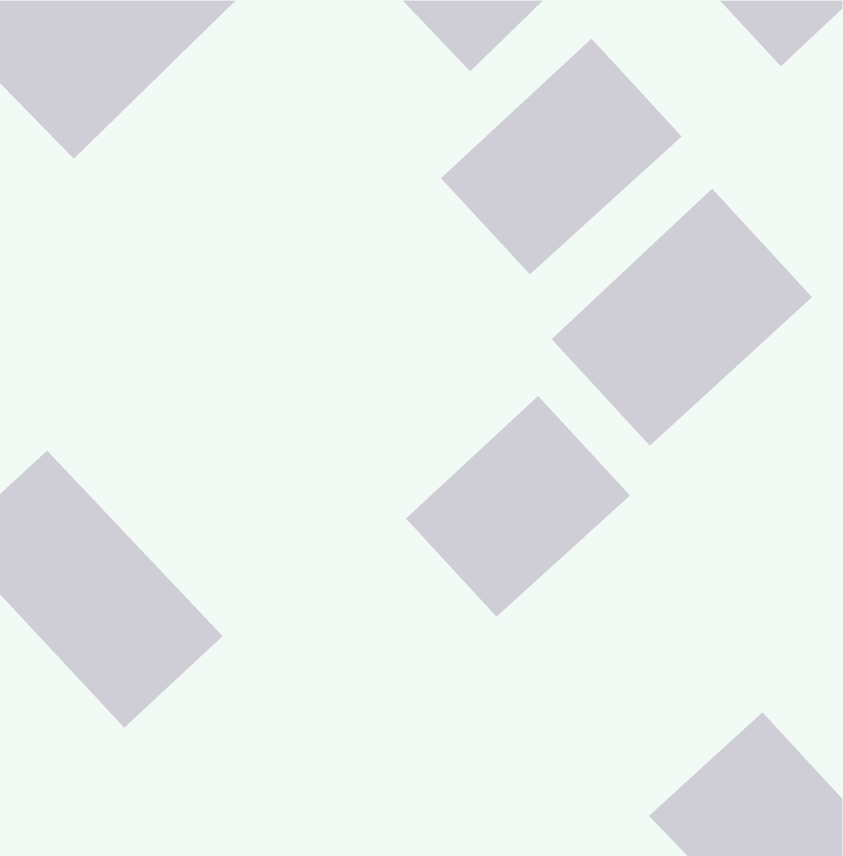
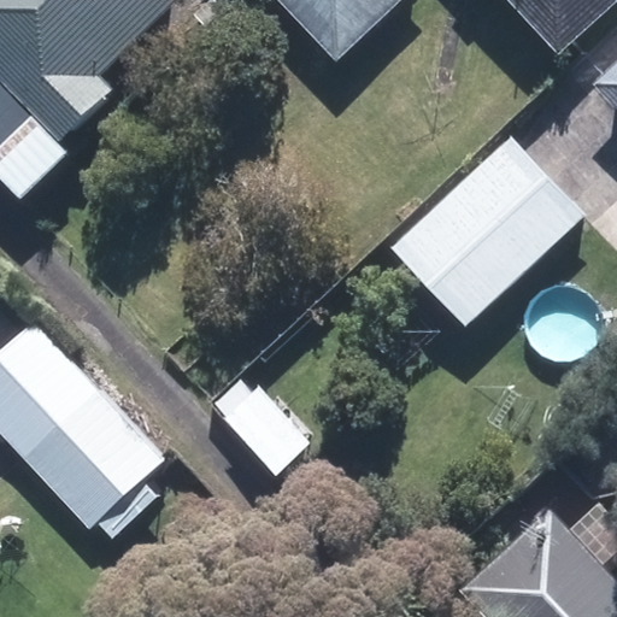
building: [440,38,682,275] -> none
building: [405,395,631,617] -> none

